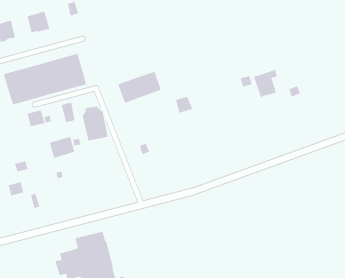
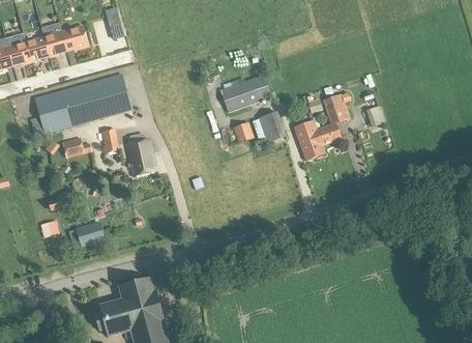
building: none -> [42,22,67,55]
building: [117,71,162,103] -> [219,75,270,112]
building: none -> [258,110,286,142]
building: none -> [294,120,342,160]
building: [49,136,75,159] -> [75,222,105,248]

